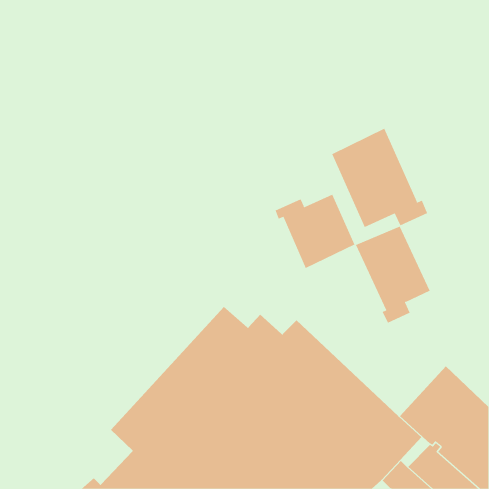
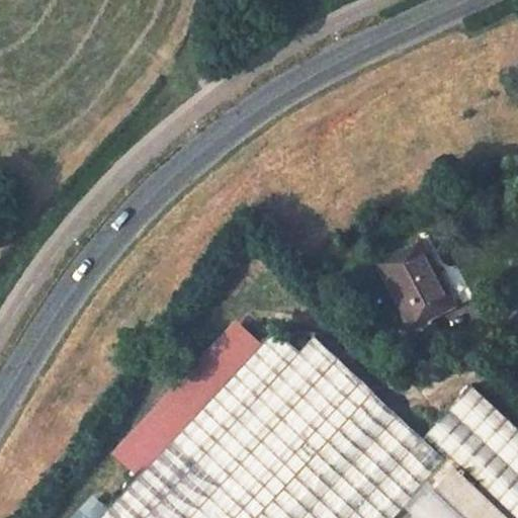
building: [332,128,428,228] -> none
building: [275,194,355,269] -> none

